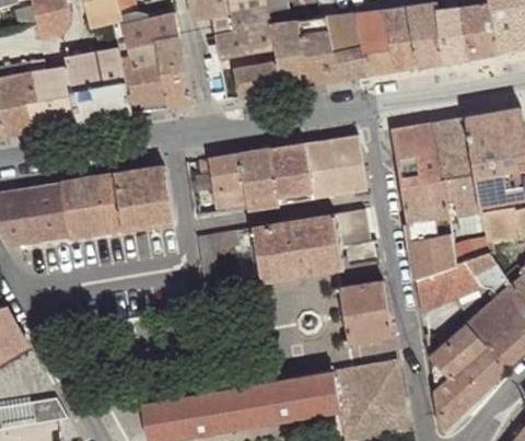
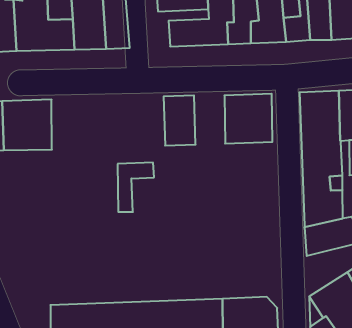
building: [272,143,314,202] -> none
building: [199,153,247,212] -> none
building: [114,165,173,229] -> none
building: [253,208,369,280] -> none
building: [339,279,390,344] -> none

